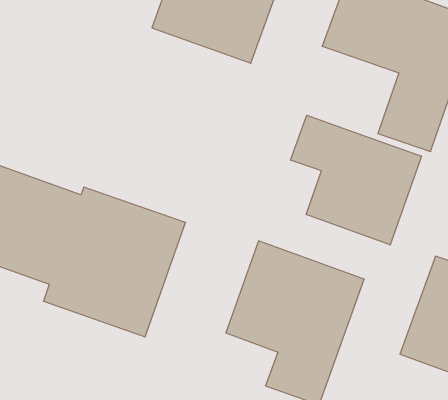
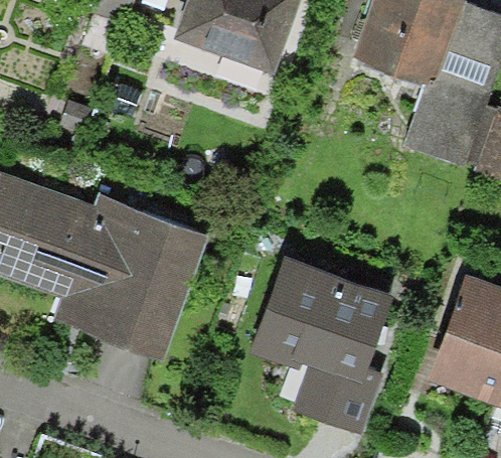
building: [291,115,421,245] -> none

